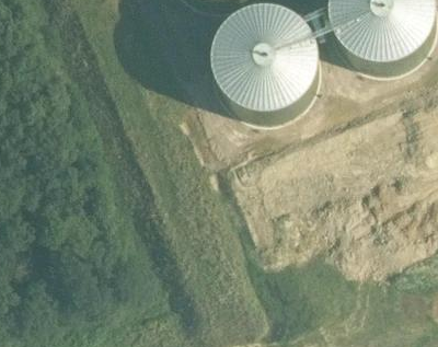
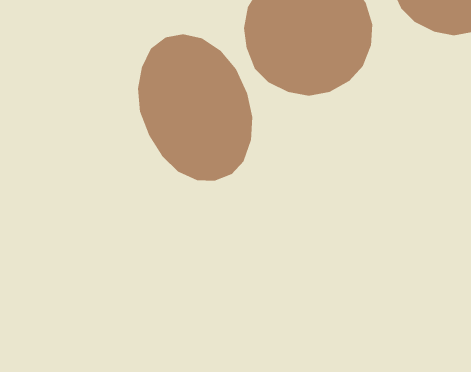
building: none -> [137,33,253,182]

